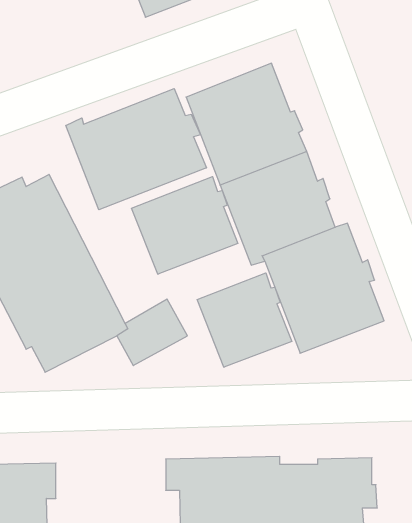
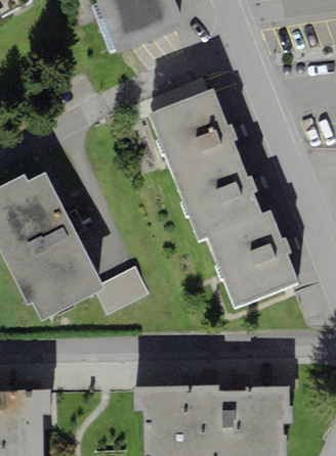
building: [66,89,206,210] -> none
building: [132,177,238,274] -> none
building: [197,273,292,367] -> none

